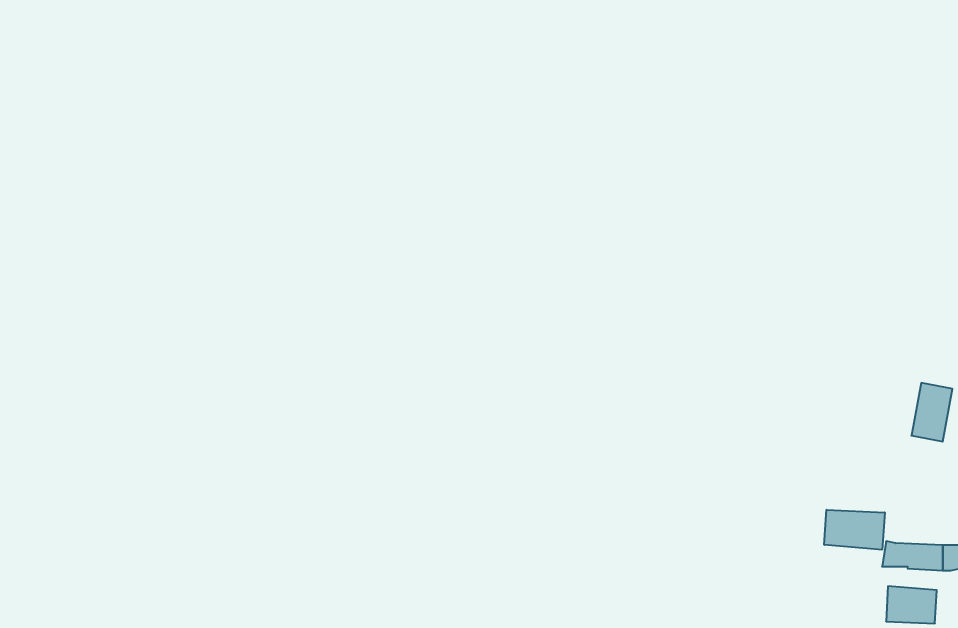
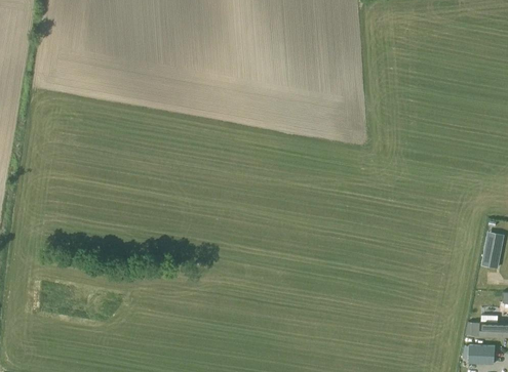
building: [824,510,885,550] -> none

